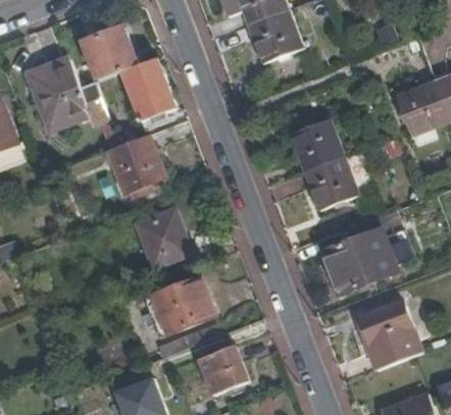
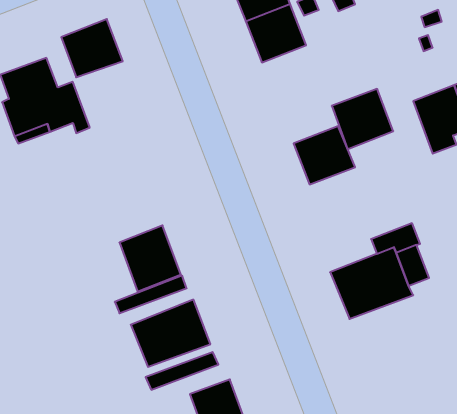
building: [120,56,176,119] -> none
building: [105,134,160,199] -> none
building: [305,156,360,210] -> [332,89,393,149]
building: [359,299,417,369] -> none

